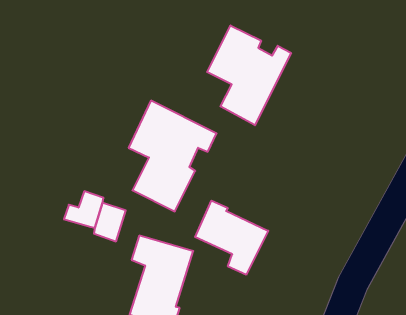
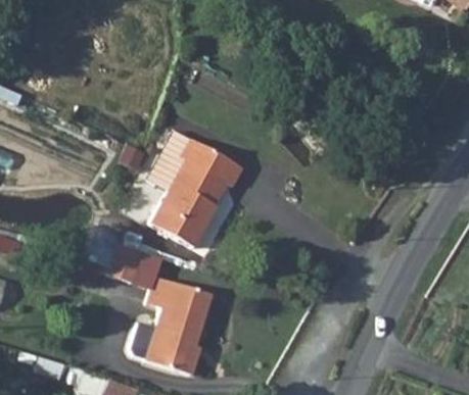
building: [207,25,291,125] -> none
building: [195,201,268,275] -> none

